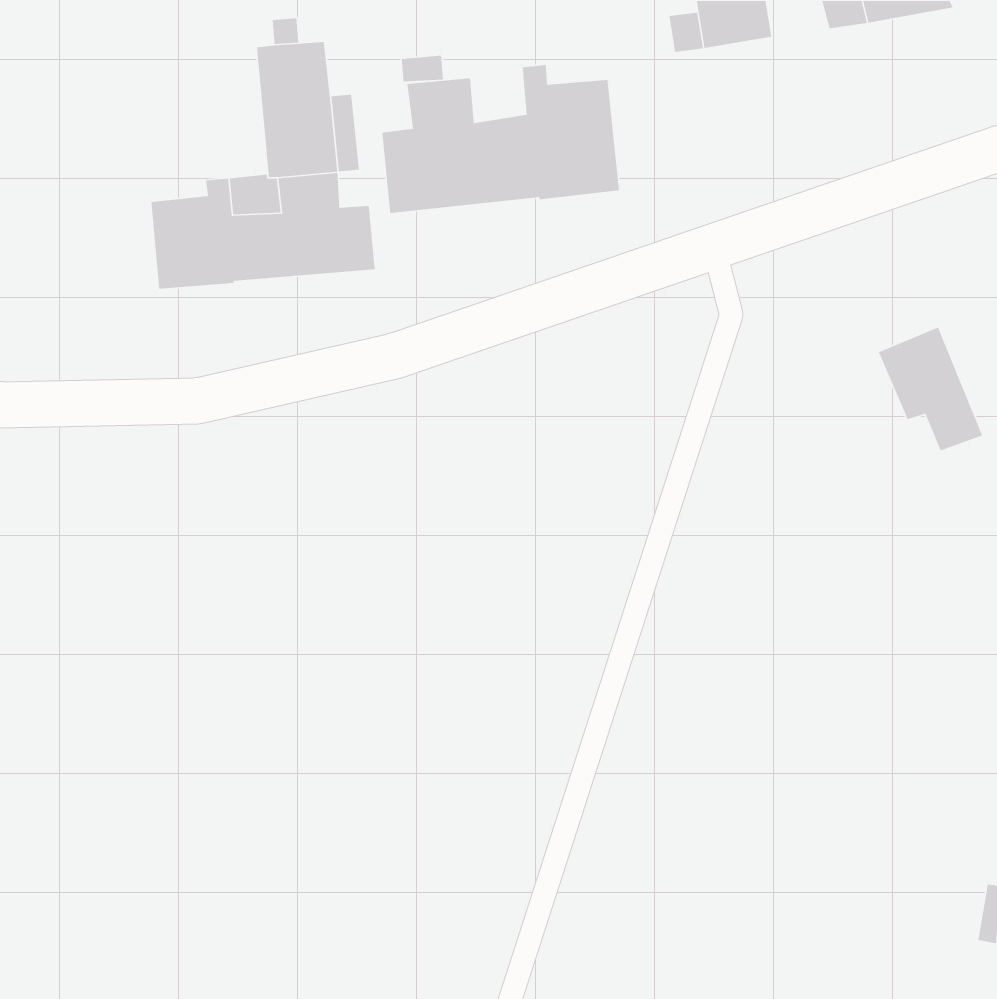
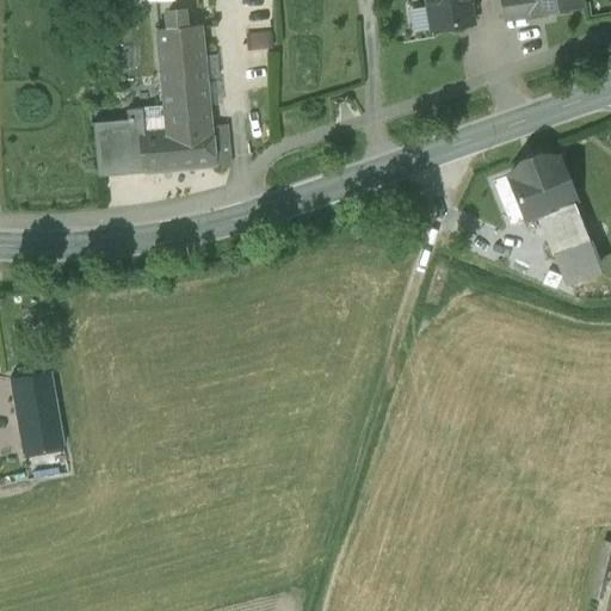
building: [381,64,620,214] -> none
building: none -> [511,159,574,218]
building: none -> [10,374,63,453]

